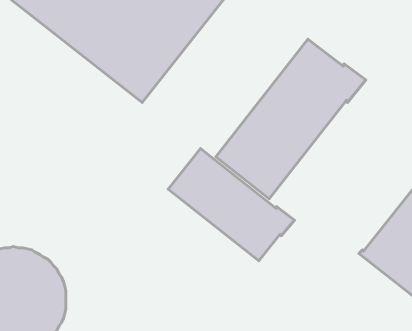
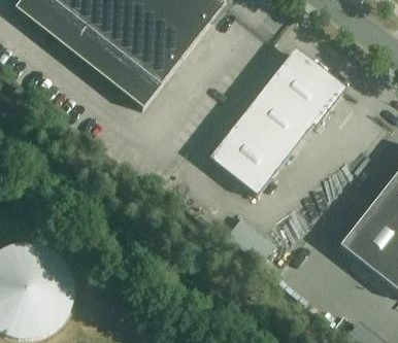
building: [168,148,294,261] -> none

